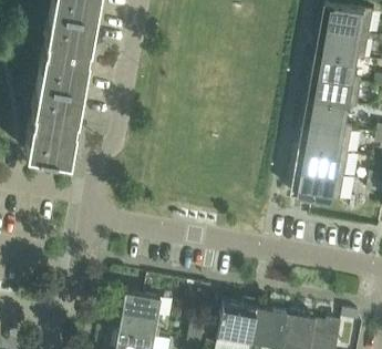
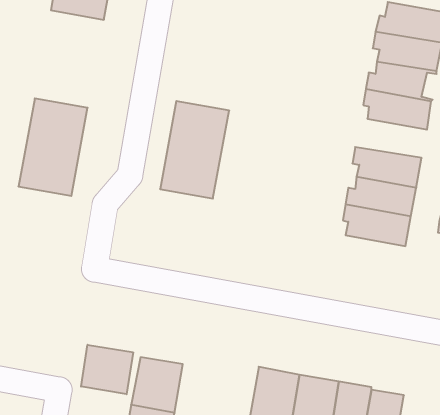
building: [39,10,95,90] -> [160,101,229,199]
building: [300,99,359,131] -> none
building: none -> [81,345,133,394]

